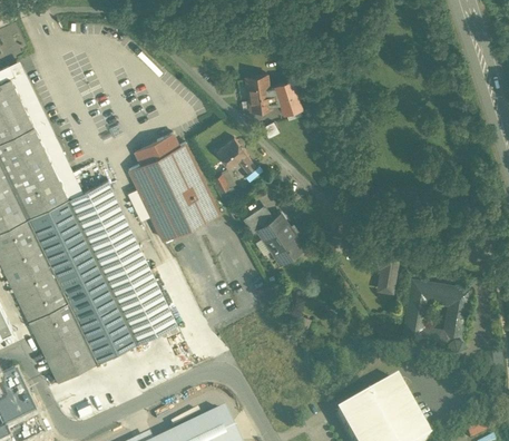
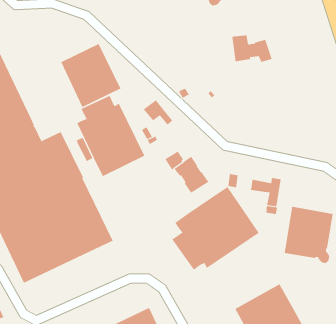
building: none -> [60,43,121,108]
building: [245,74,300,110] -> [231,35,273,63]
building: none -> [172,186,260,271]

